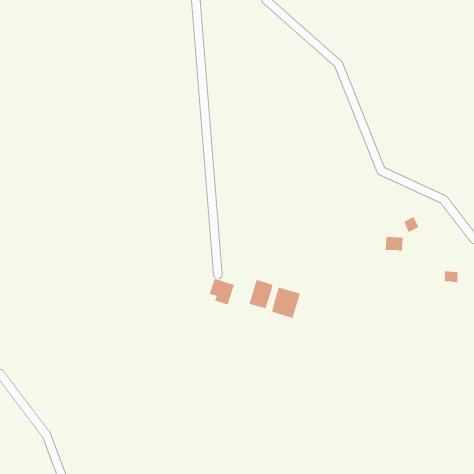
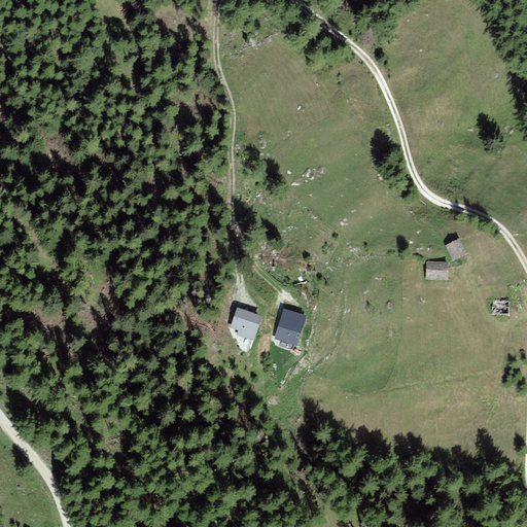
building: [271,287,301,319] -> none

